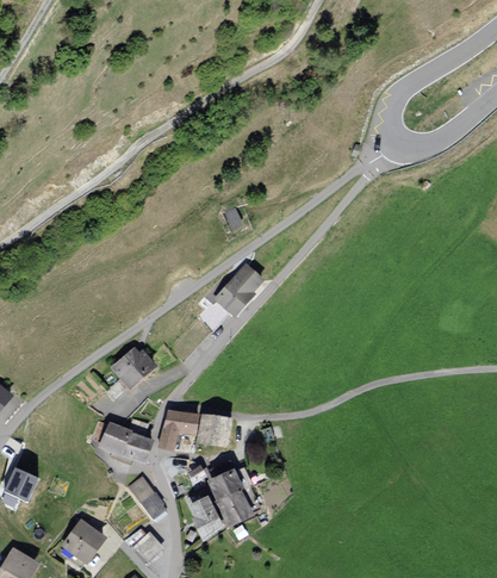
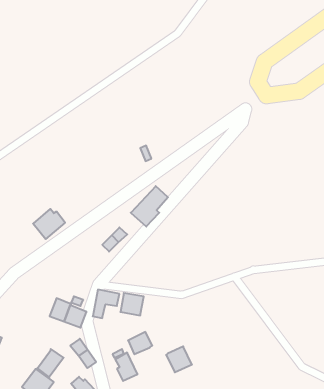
building: [111,346,155,387] -> [33,209,65,239]
building: [215,489,250,524] -> [166,346,192,372]
building: none -> [37,349,64,377]

